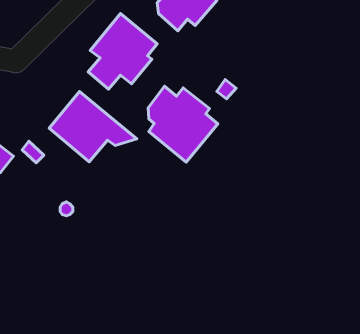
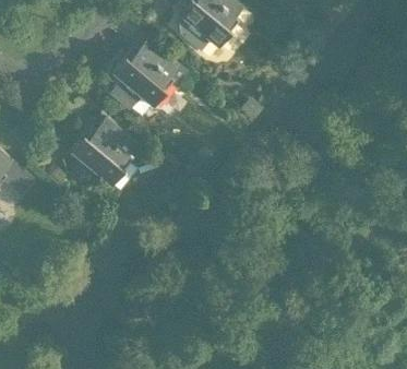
building: [148,86,218,162] -> none

